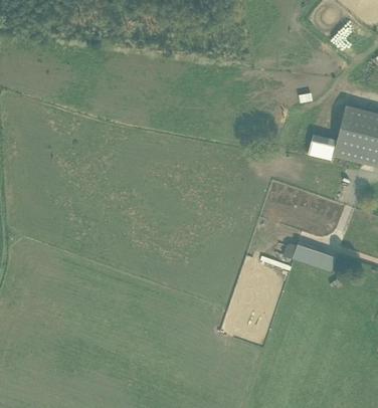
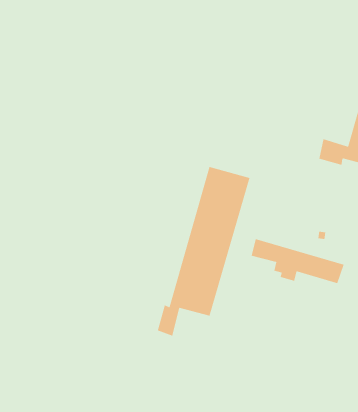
building: none -> [157,166,250,336]

